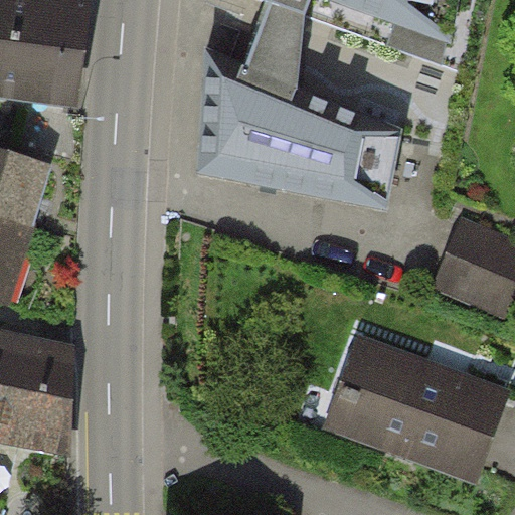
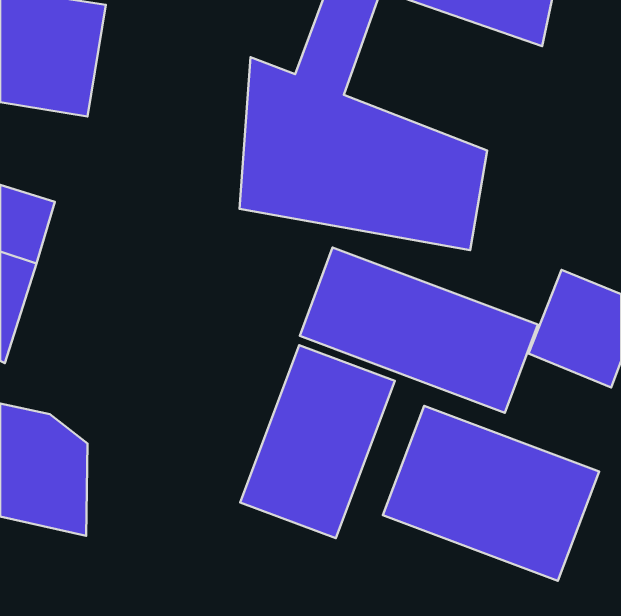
building: none -> [300,248,538,413]
building: none -> [240,345,395,538]

